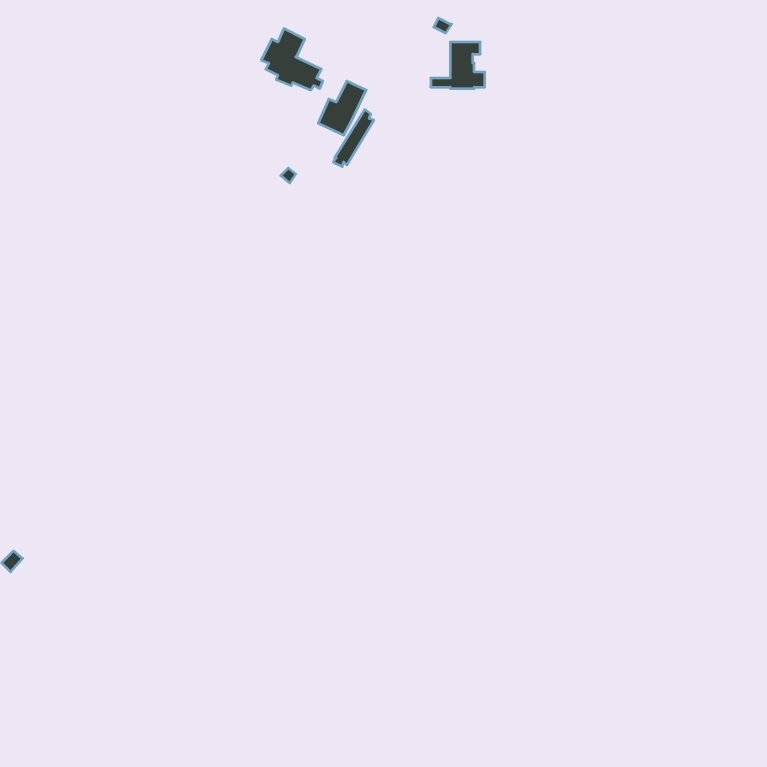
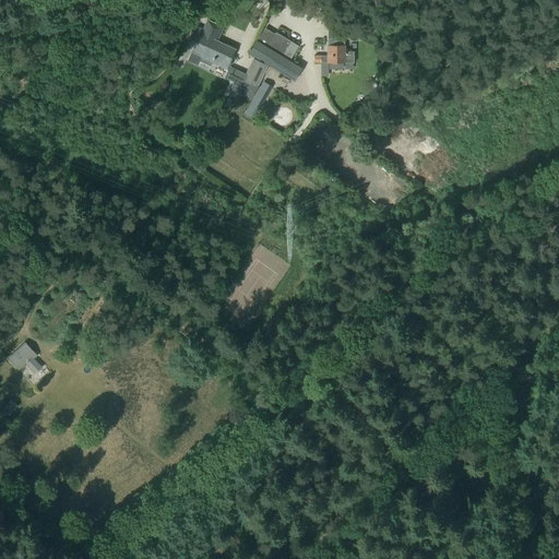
building: none -> [246,33,300,81]
building: none -> [8,344,41,374]

